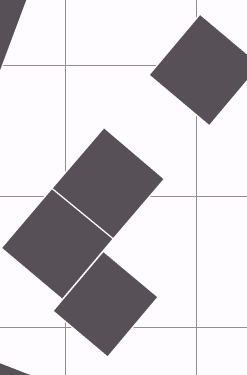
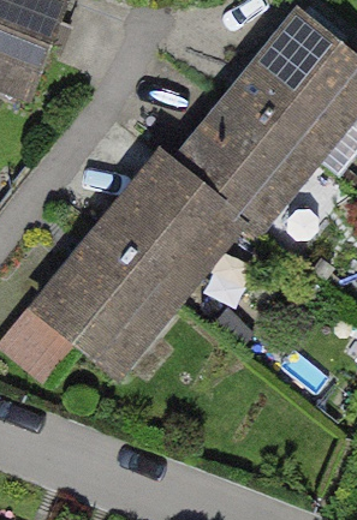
building: none -> [151,106,296,249]
building: [53,251,158,357] -> none

